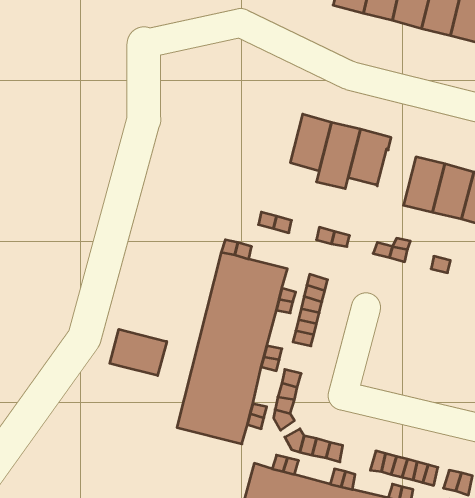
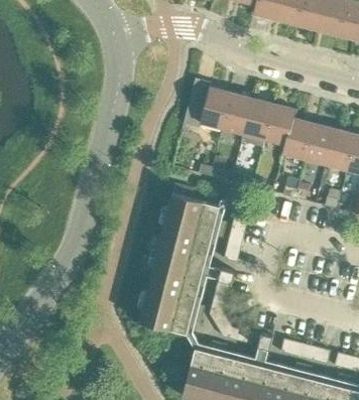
building: none -> [185,84,231,128]
building: none -> [282,118,314,159]
building: [110,329,167,376] -> none

